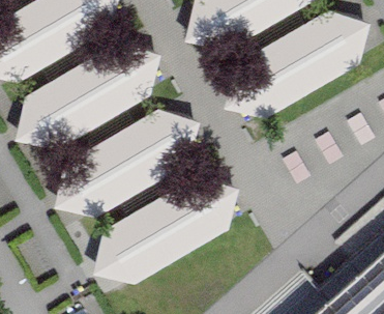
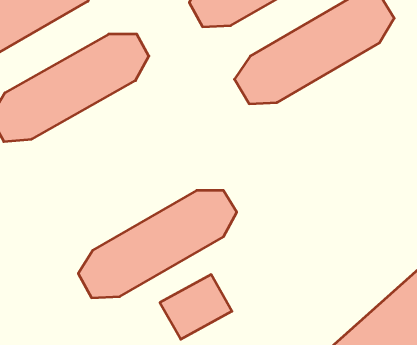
building: [60,115,195,205] -> none

